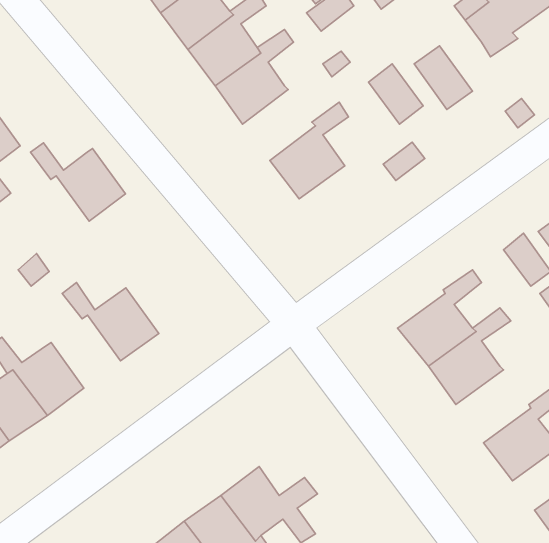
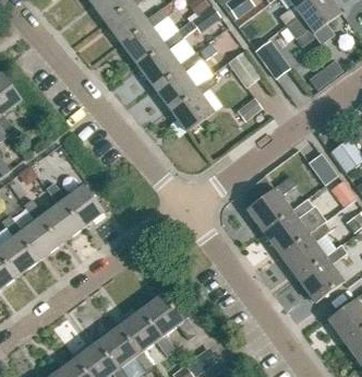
building: none -> [153,52,200,109]
building: [31,143,125,221] -> [23,199,80,246]
building: none -> [280,221,329,279]

